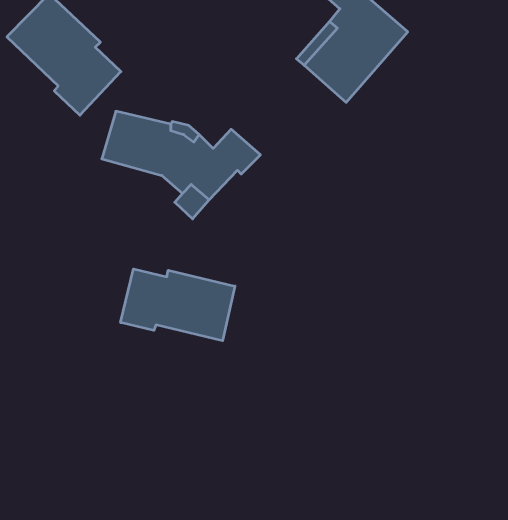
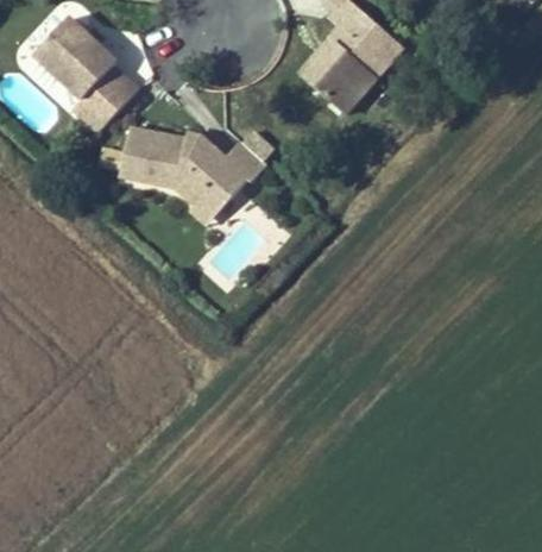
building: [121,269,235,341] -> none

